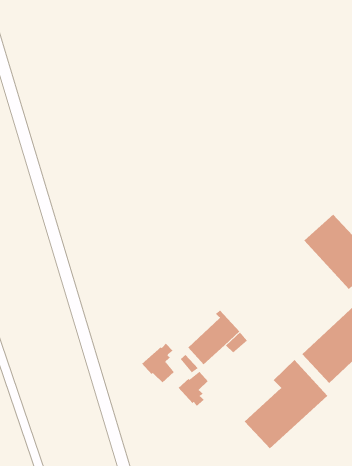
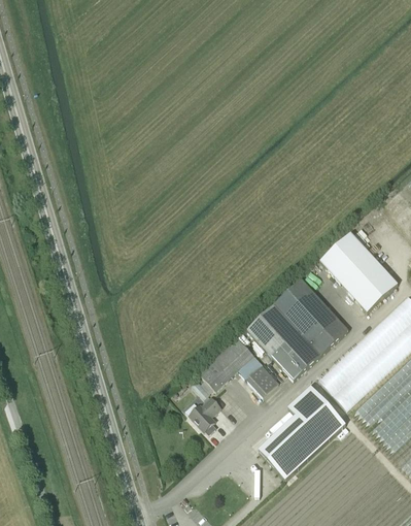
building: none -> [246,278,348,380]
building: none -> [246,365,278,397]
building: [141,343,174,383] -> none

